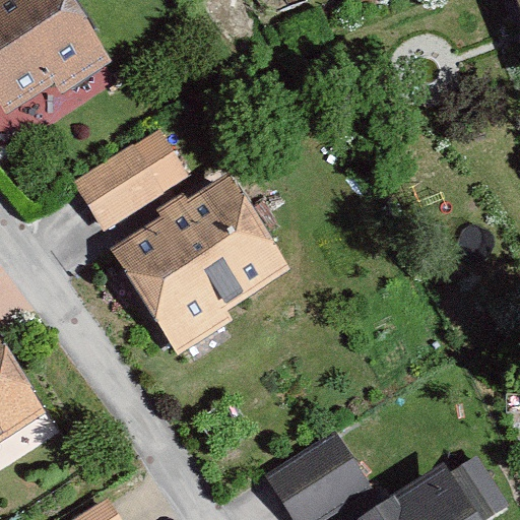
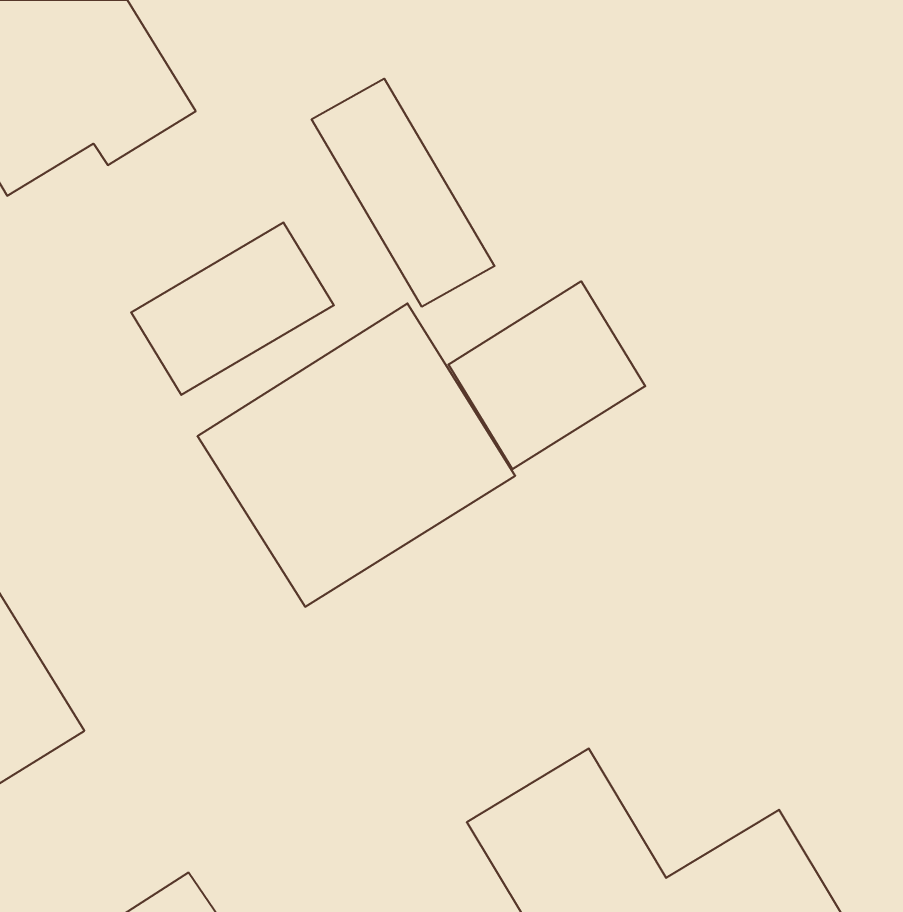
building: none -> [312,79,495,307]
building: none -> [448,281,645,469]

